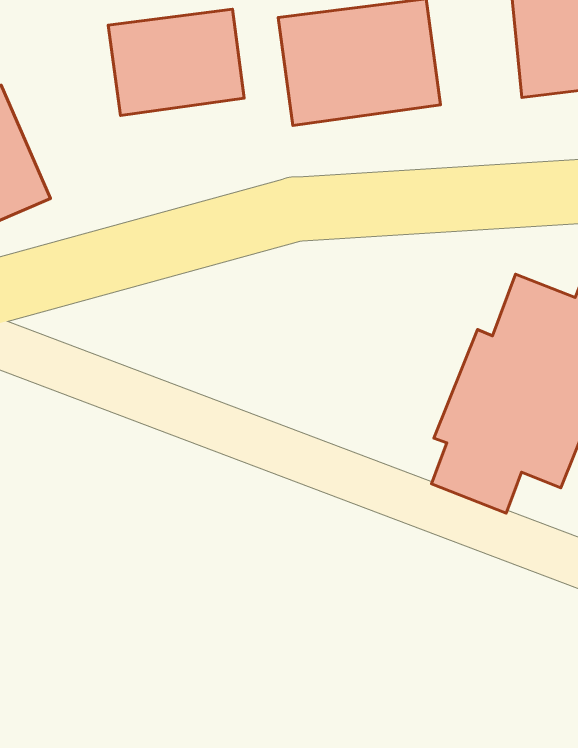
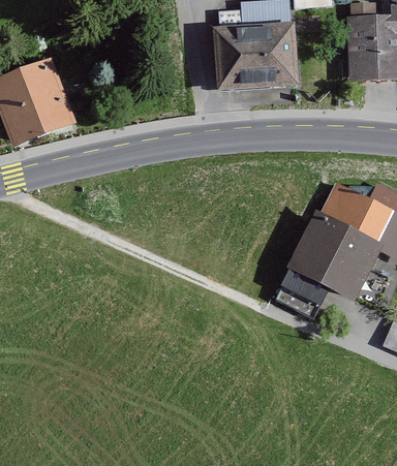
building: [108,9,244,115] -> none

